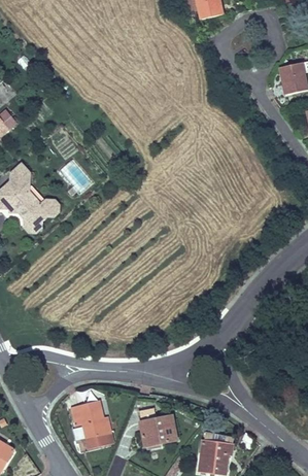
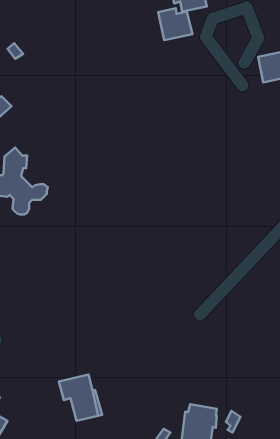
building: none -> [158,8,193,40]
building: [138,407,179,449] -> none

